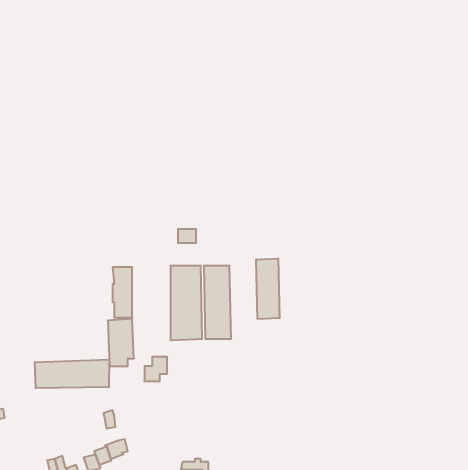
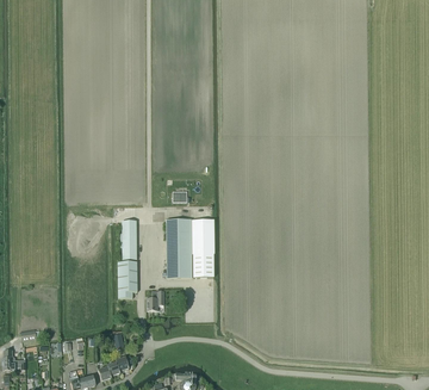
building: [256,258,279,319] -> none
building: [35,360,109,388] -> none

